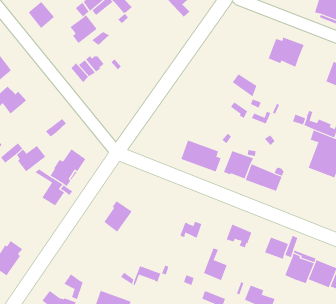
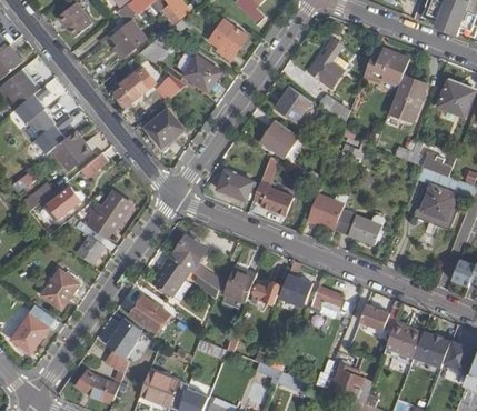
building: none -> [203,17,247,59]
building: none -> [308,40,344,88]
building: none -> [182,54,221,91]
building: none -> [387,74,426,122]
building: none -> [275,87,310,121]
building: none -> [145,108,183,147]
building: none -> [259,119,299,158]
building: none -> [50,130,90,169]
building: none -> [217,170,252,200]
building: none -> [170,234,221,290]
building: none -> [225,267,256,302]
building: none -> [41,269,78,308]
building: none -> [129,298,169,333]
building: [203,248,228,281] -> [280,261,311,303]
building: none -> [105,318,141,358]

